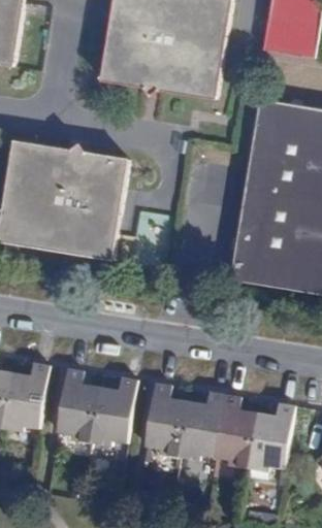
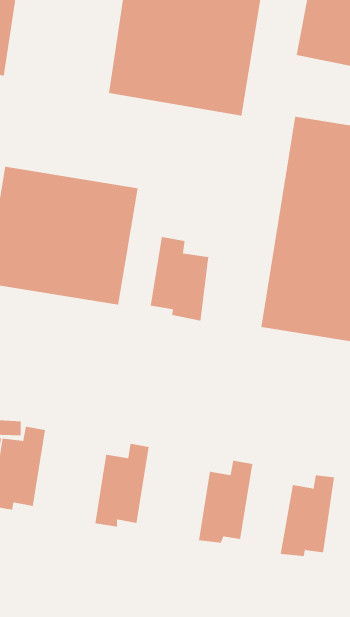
building: none -> [150,236,209,321]
building: [56,367,99,443] -> none
building: [143,382,187,458] -> none
building: [214,393,257,469] -> none

